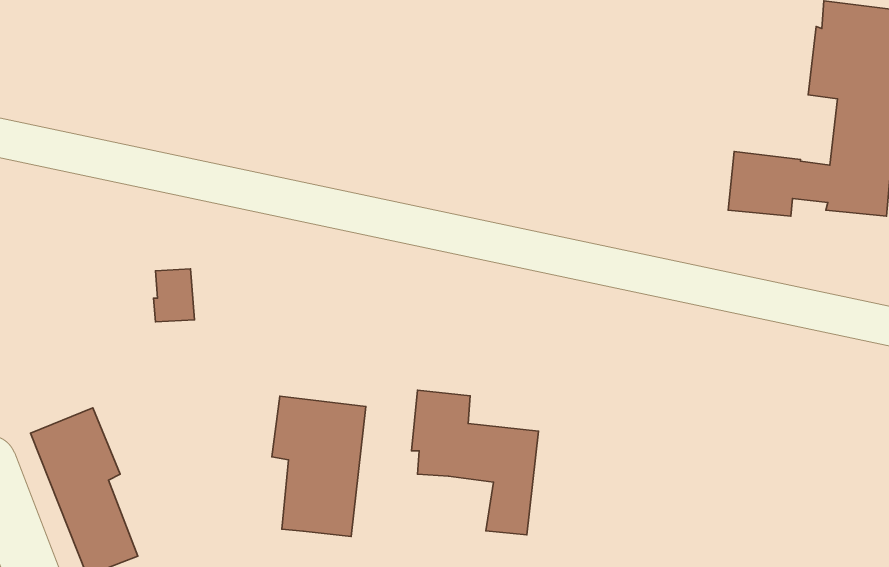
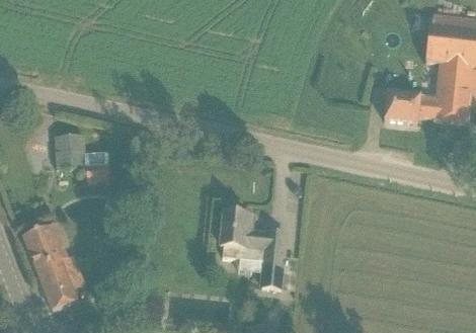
building: none -> [54,134,85,168]
building: [272,396,366,536] -> none

